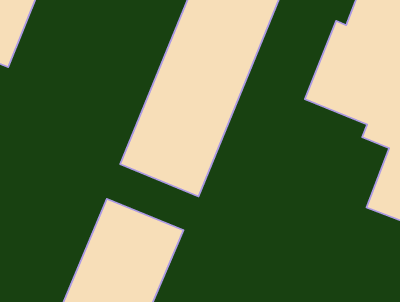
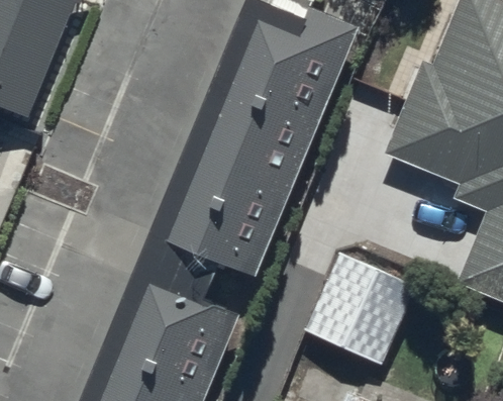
building: none -> [306,255,417,368]

